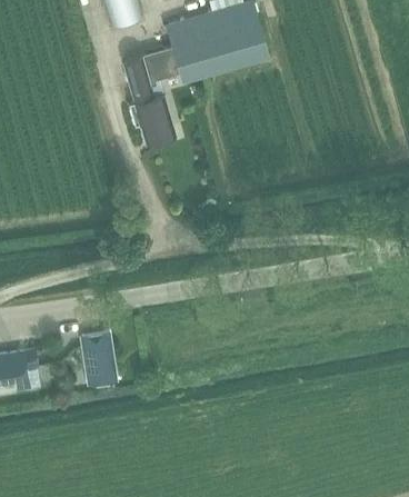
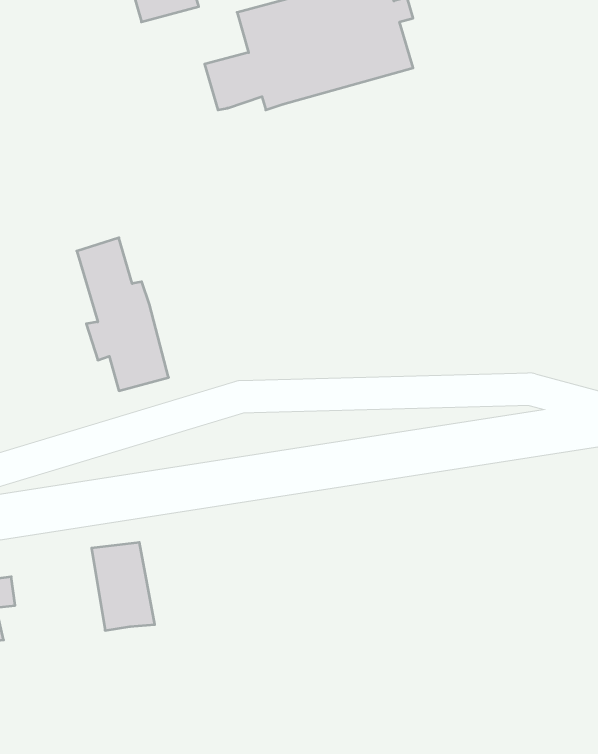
building: [122,54,176,143] -> [77,238,169,391]

